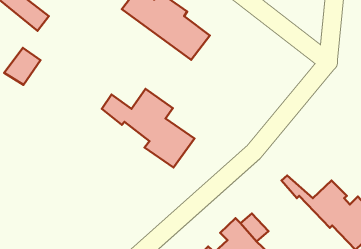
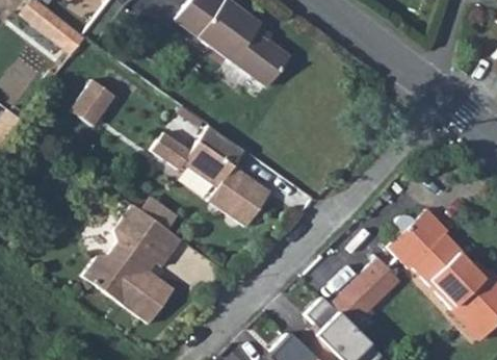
building: [4,48,40,85] -> [72,78,119,126]
building: none -> [82,205,182,323]
building: none -> [392,209,450,268]
building: none -> [347,257,403,311]

